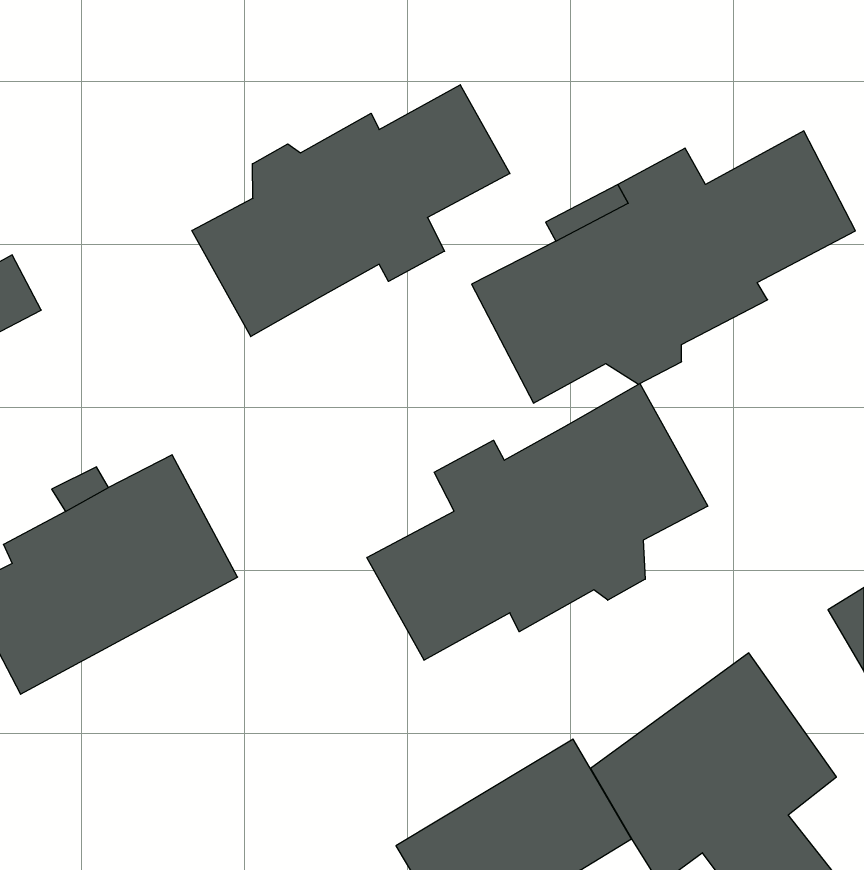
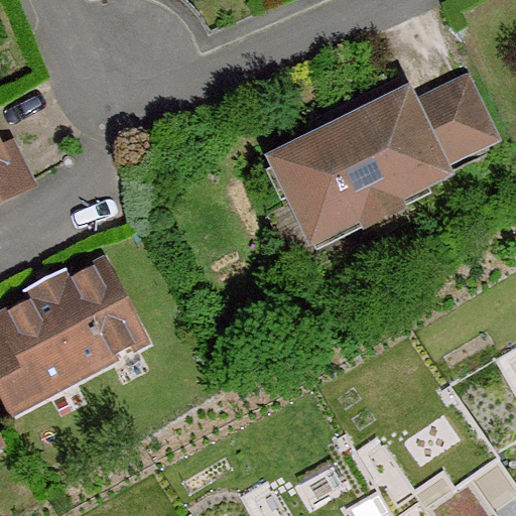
building: [192,85,510,337] -> none
building: [367,383,708,660] -> none

